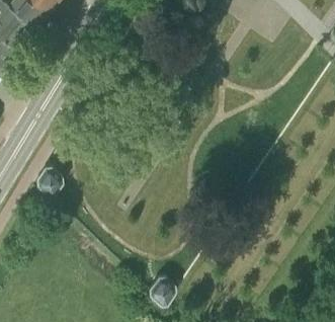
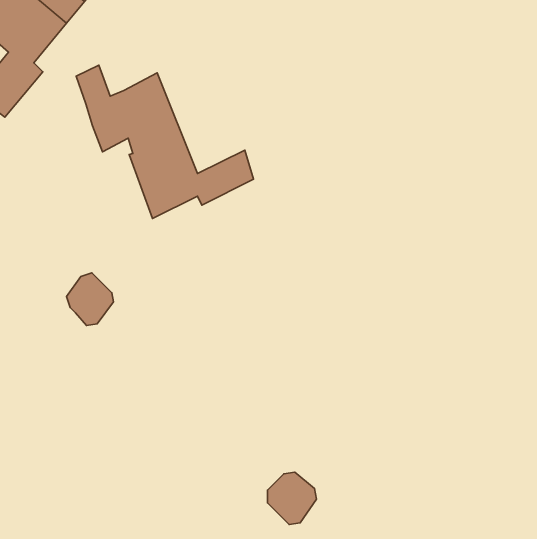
building: none -> [76,65,254,218]

